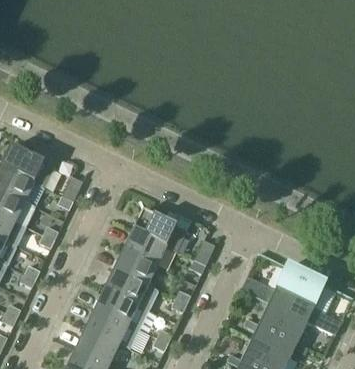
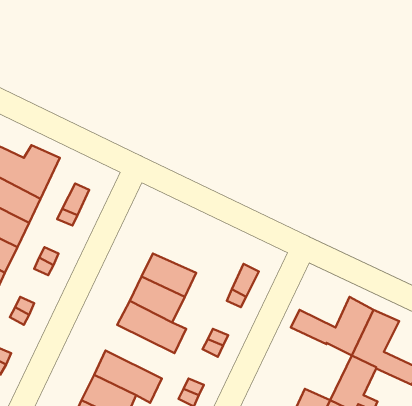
building: [131,211,190,254] -> none
building: [94,289,148,331] -> none
building: [242,303,287,348] -> none

